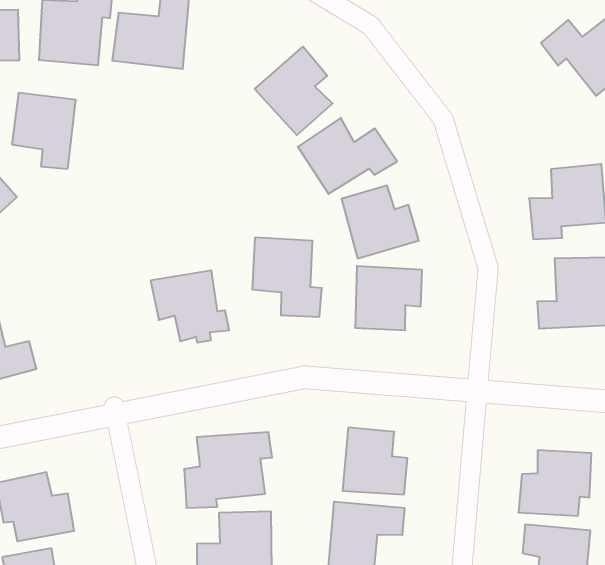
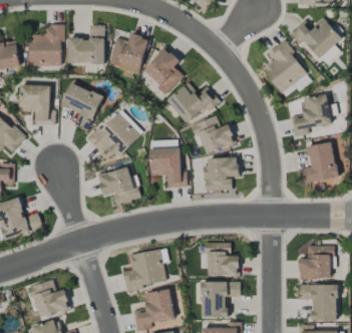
building: none -> [107,33,148,74]
building: none -> [262,40,307,93]
building: none -> [60,82,103,130]
building: none -> [87,109,143,159]

